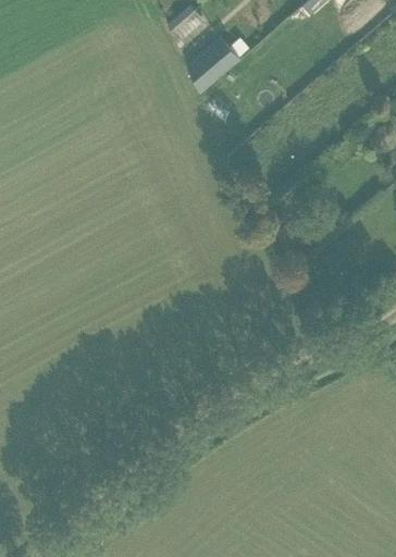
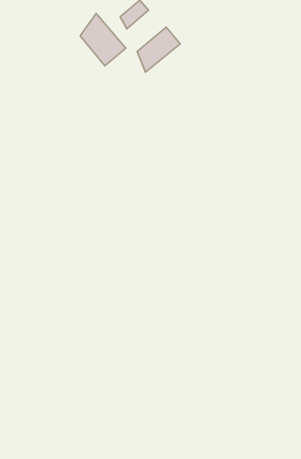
building: none -> [80,14,126,66]

